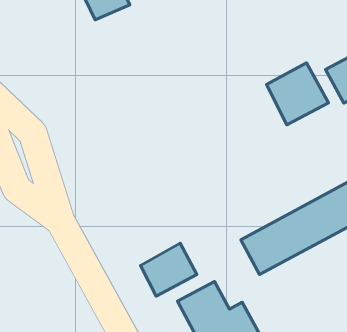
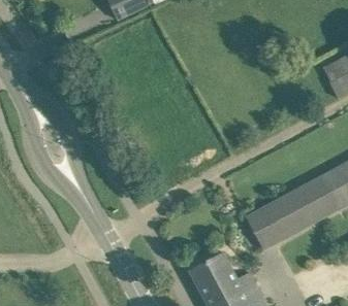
building: [266,63,329,125] -> none
building: [140,243,197,296] -> none

